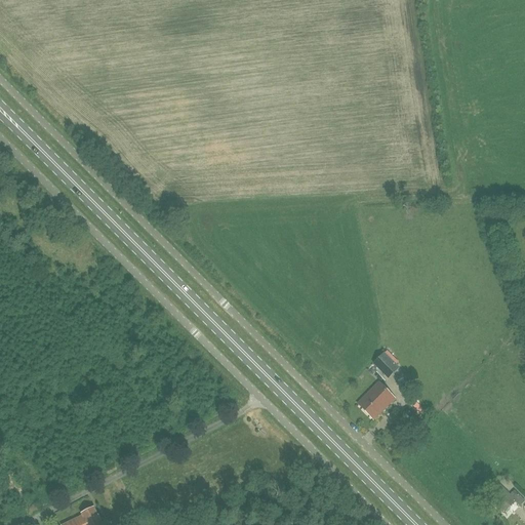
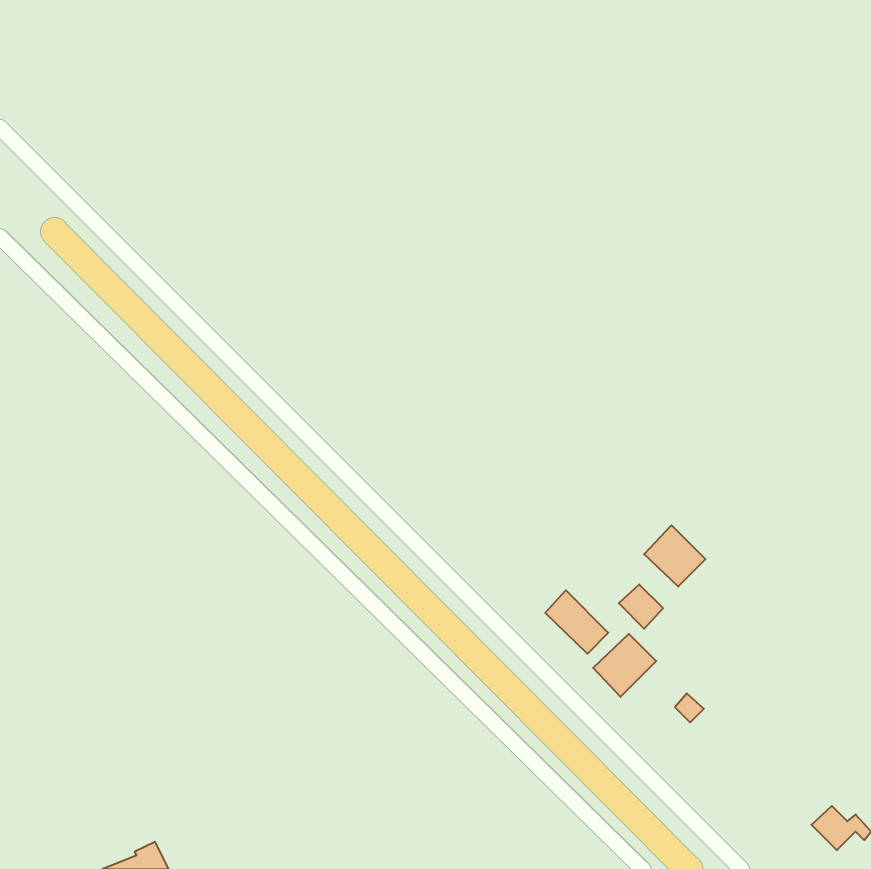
building: none -> [644,525,705,587]
building: none -> [545,590,608,654]

